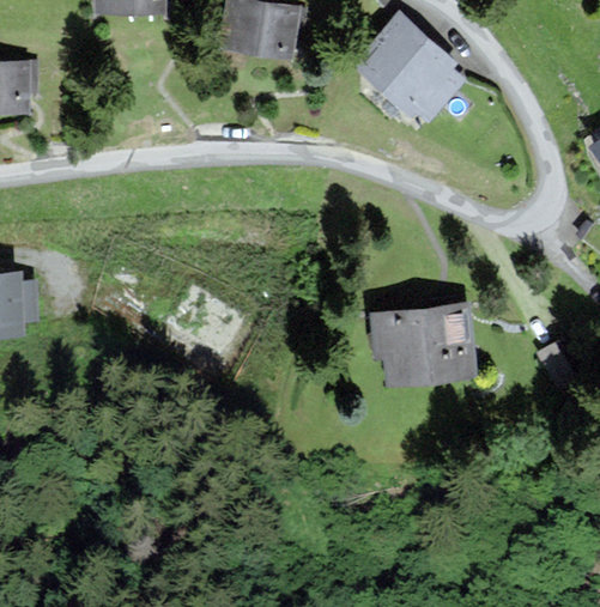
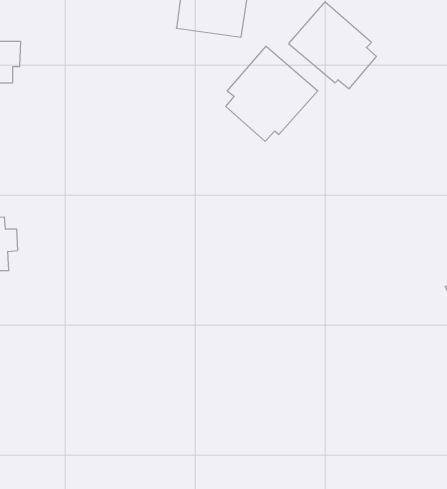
building: none -> [226,46,318,141]
building: [374,305,473,382] -> none

